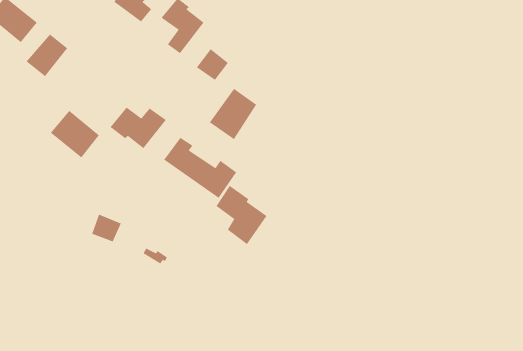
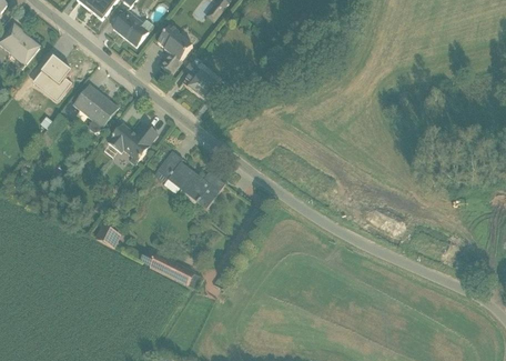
building: [209,88,257,140] -> none
building: [50,110,100,158] -> [73,83,119,128]
building: [215,185,267,245] -> none

